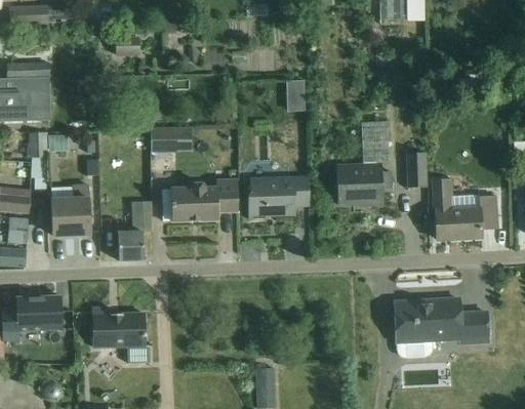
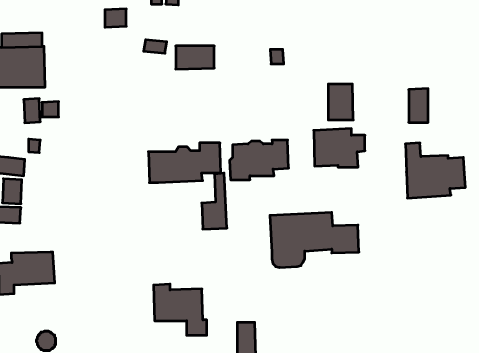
building: [150,128,191,153] -> [176,46,214,69]
building: [406,152,427,188] -> [409,89,428,122]
building: [50,183,90,237] -> none
building: [118,201,145,260] -> [202,173,227,229]
building: [395,299,489,358] -> [270,212,359,267]
building: [92,308,149,362] -> [154,284,207,335]

